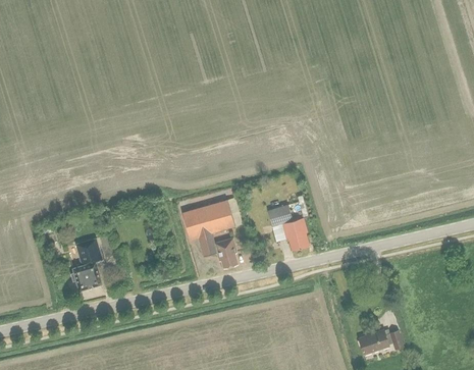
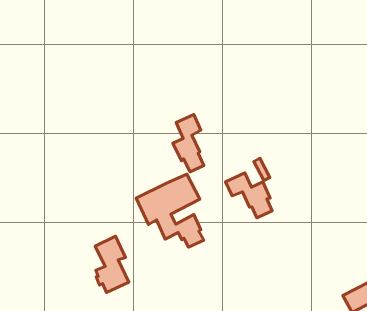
building: none -> [173,114,204,172]
building: [71,240,102,290] -> [95,236,129,293]

